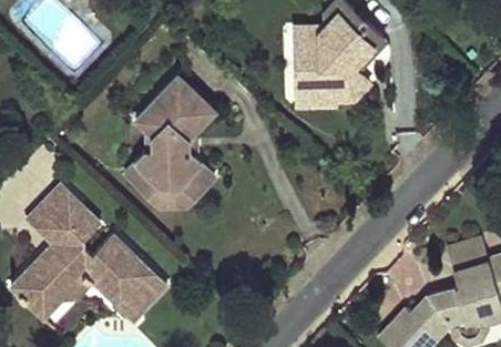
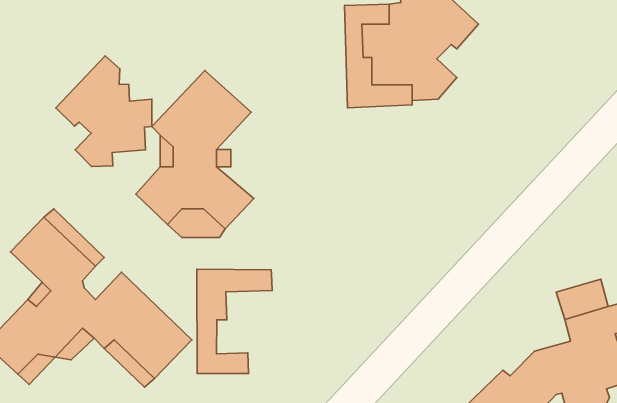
building: none -> [56,56,152,166]
building: none -> [197,269,272,374]

